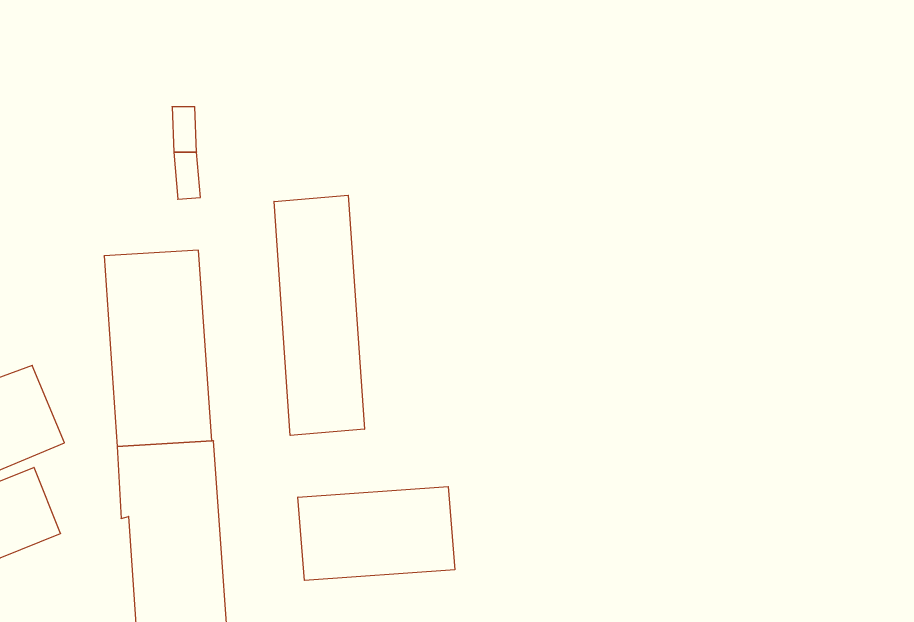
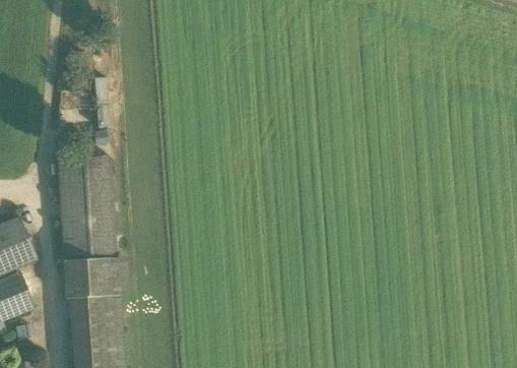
building: [274,195,364,435] -> none
building: [298,487,455,580] -> none

